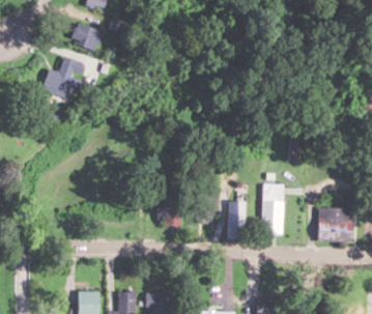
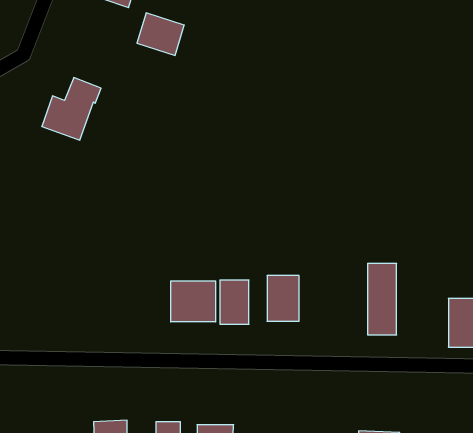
building: [68,23,101,52] -> [137,13,184,55]
building: none -> [171,281,216,322]
building: [229,201,245,239] -> none

